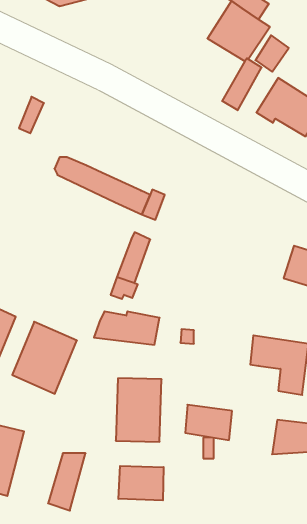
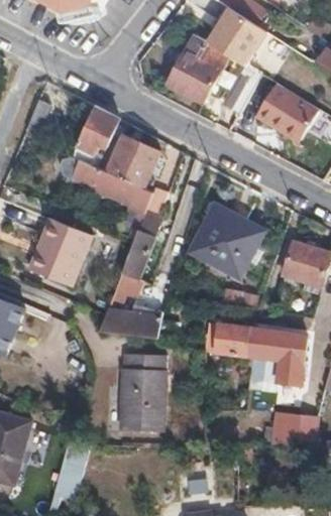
building: none -> [168,34,226,101]
building: none -> [72,106,118,164]
building: none -> [106,134,159,188]
building: none -> [189,205,260,275]
building: [12,322,77,394] -> [29,219,92,288]
building: [185,405,232,440] -> [207,322,252,357]
building: [118,466,164,500] -> none

